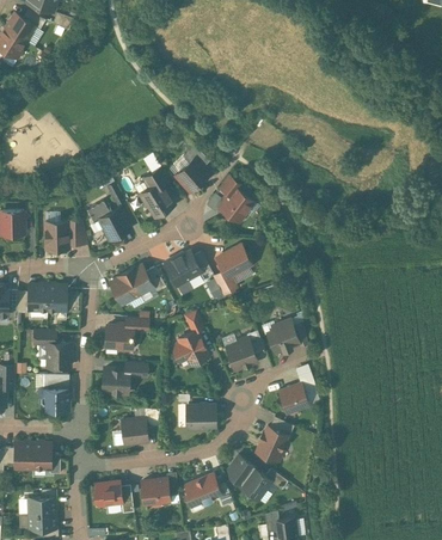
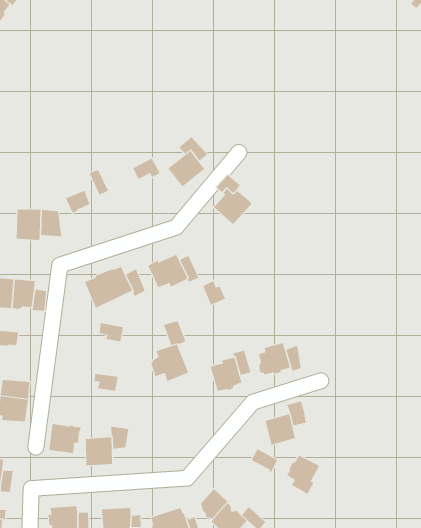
building: [140,183,173,217] -> none
building: [98,209,130,240] -> none
building: [216,246,250,278] -> none
building: [104,326,133,351] -> none
building: [47,344,68,368] -> none
building: [102,369,129,394] -> [48,423,81,454]
building: [185,406,214,430] -> none
building: [257,428,286,462] -> [286,454,319,494]

